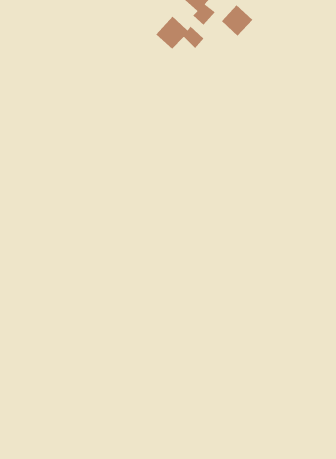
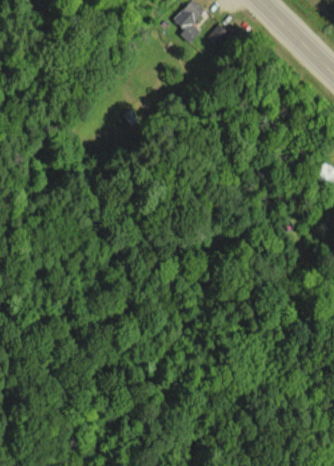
building: [156,16,204,50] -> none

